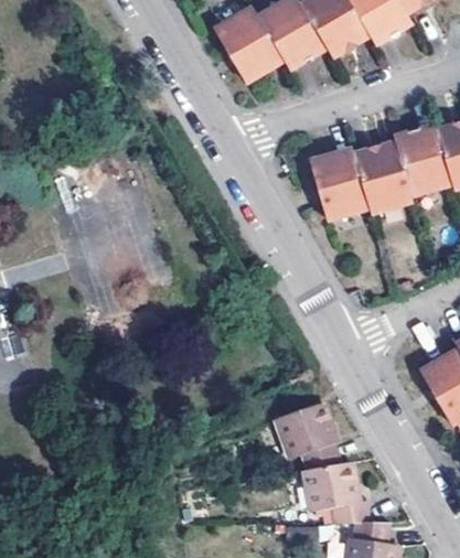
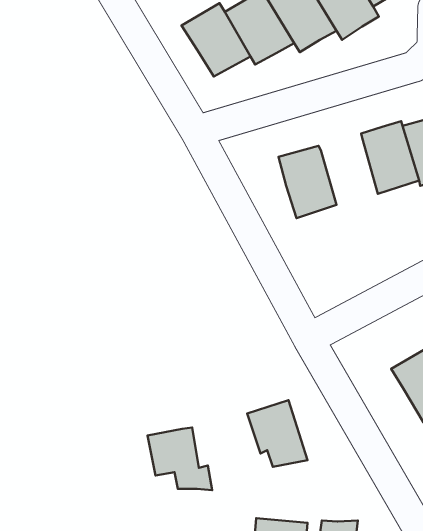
building: [352,142,410,214] -> none
building: [304,460,368,522] -> [148,428,212,490]

